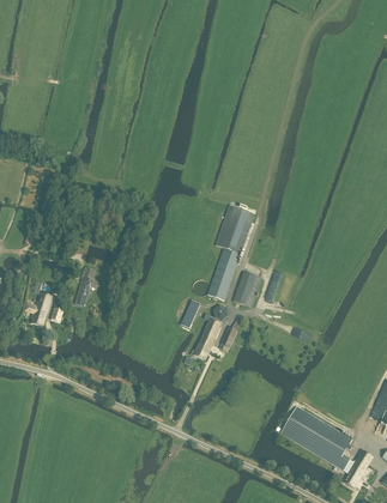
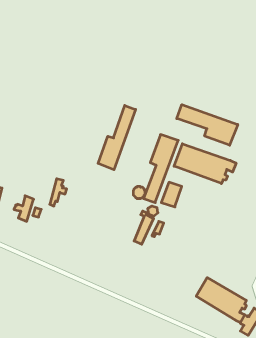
building: none -> [177,105,238,145]
building: none -> [98,105,136,170]
building: none -> [174,144,236,184]

